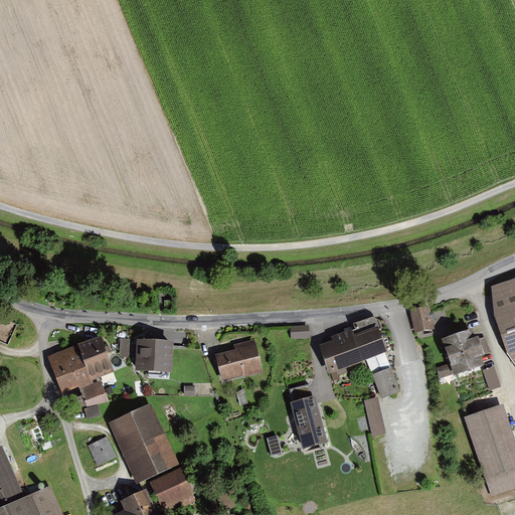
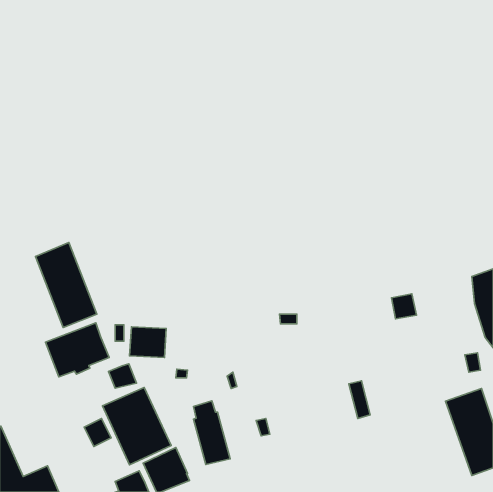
building: none -> [36,242,97,327]
building: [319,317,398,397] -> none
building: [437,332,483,376] -> none
building: [214,338,263,380] -> none
building: [79,381,109,406] -> [109,364,137,388]
building: [290,383,328,450] -> [193,401,230,465]

